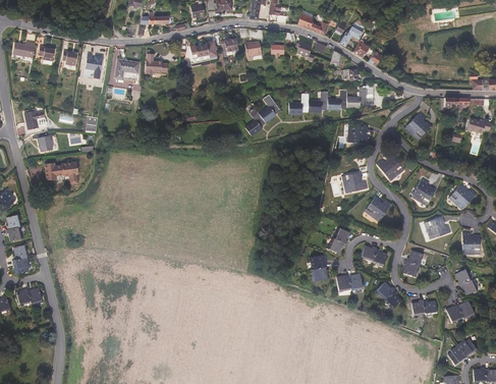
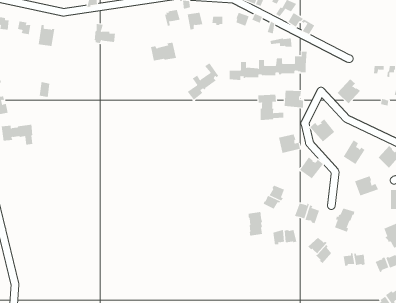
building: [188,41,217,61] -> [150,42,177,61]
building: [115,59,139,79] -> none
building: none -> [258,94,284,121]

